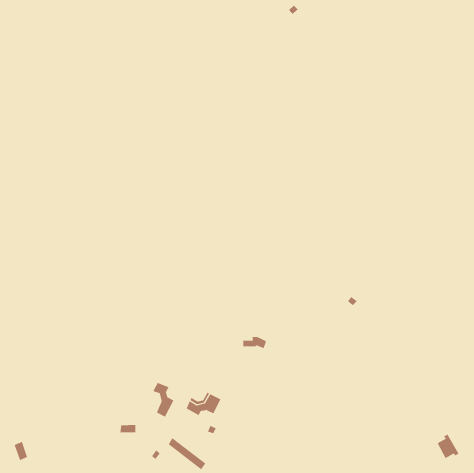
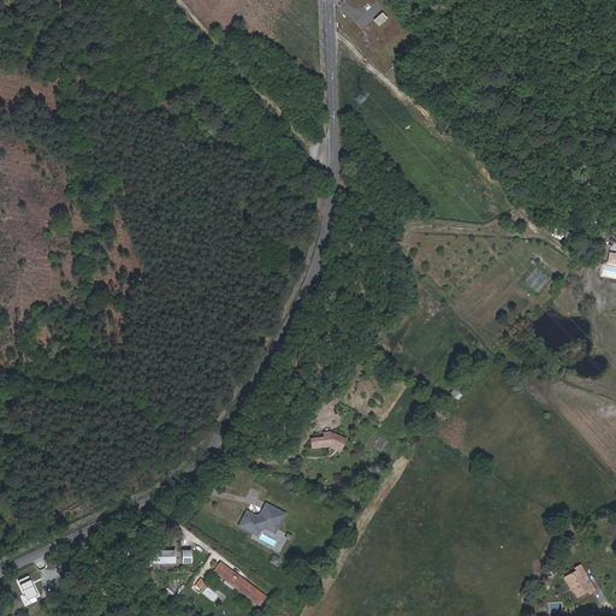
building: [152,382,174,418] -> none

